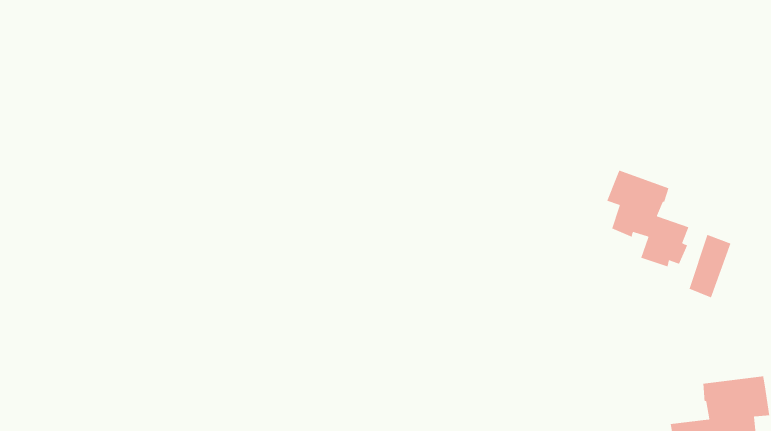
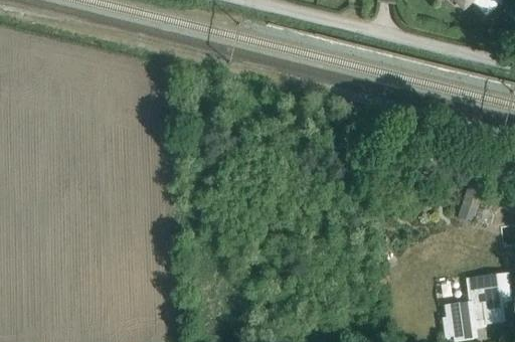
building: [606,169,689,267] -> none

